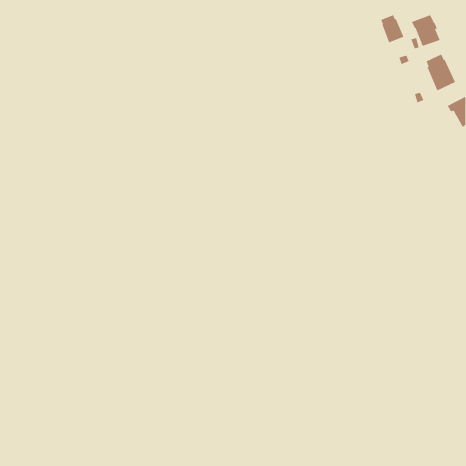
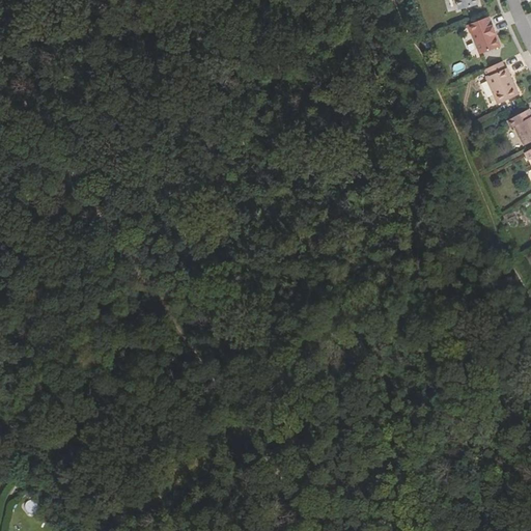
building: [381,15,404,43] -> none

